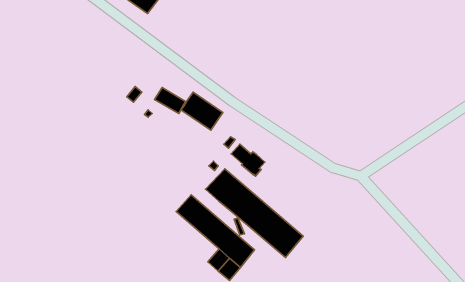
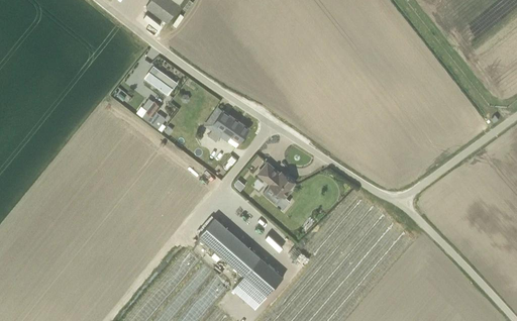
building: [155,87,185,114] -> [142,66,176,94]
building: [206,169,303,258] -> none

